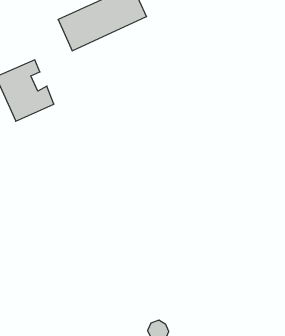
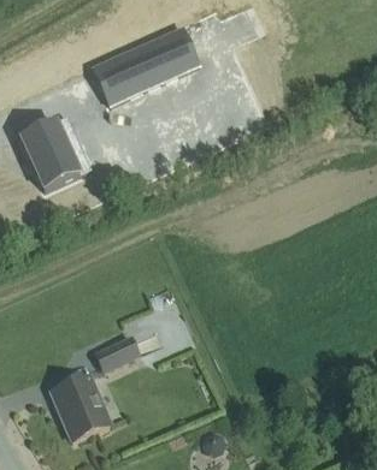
building: none -> [94,335,139,370]
building: none -> [51,375,110,440]

